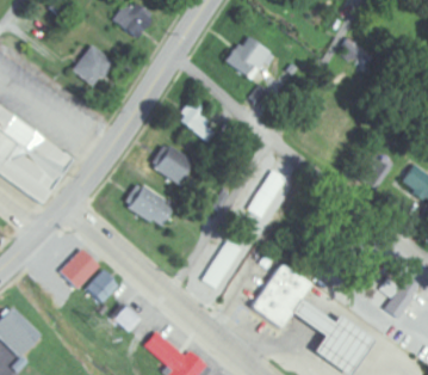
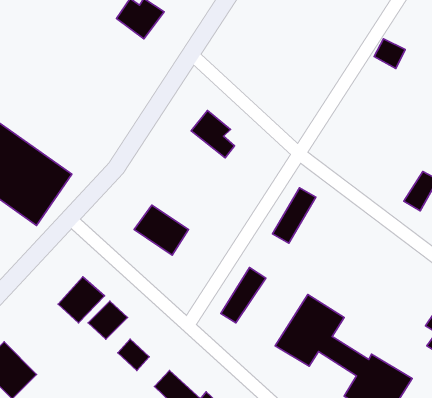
building: [223,37,273,78] -> none
building: [70,43,111,86] -> none
building: [153,143,192,183] -> none

